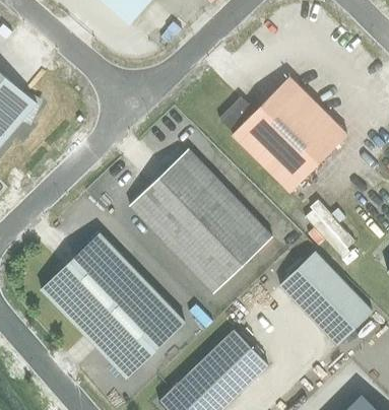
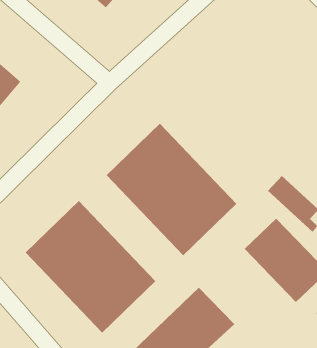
building: [219,77,347,192] -> none

